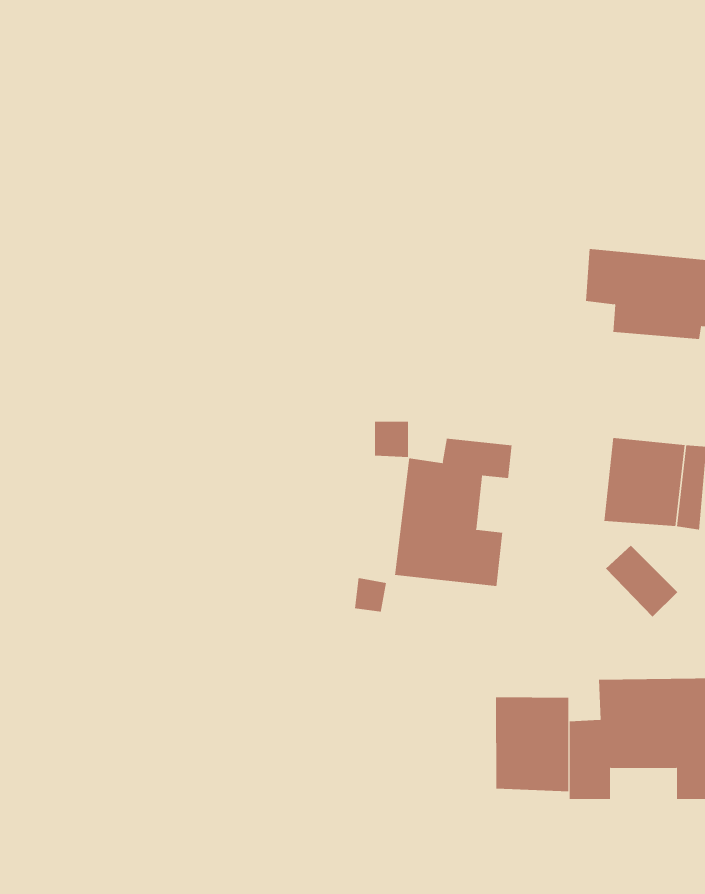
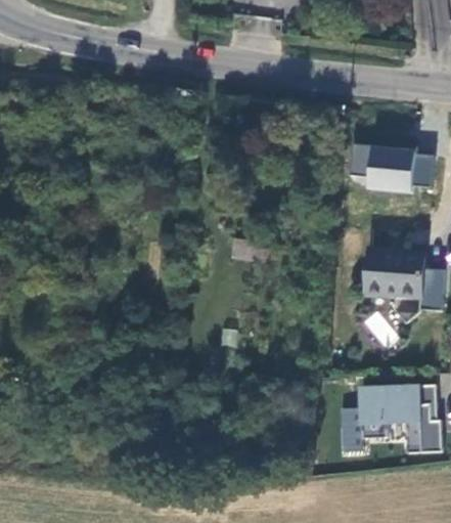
building: [394,438,512,587] -> none
building: [496,696,569,792] -> none

